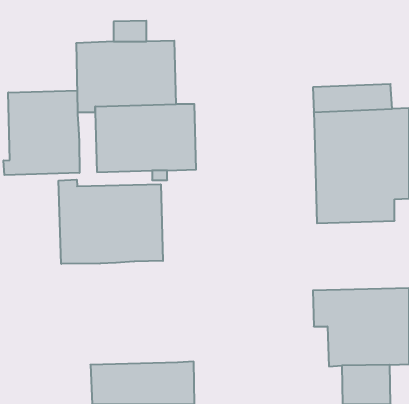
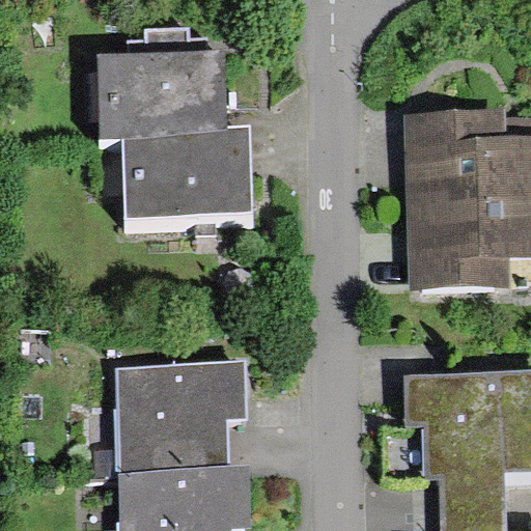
building: [4,91,79,175] -> none
building: [59,180,163,264] -> none
building: none -> [114,363,248,473]

